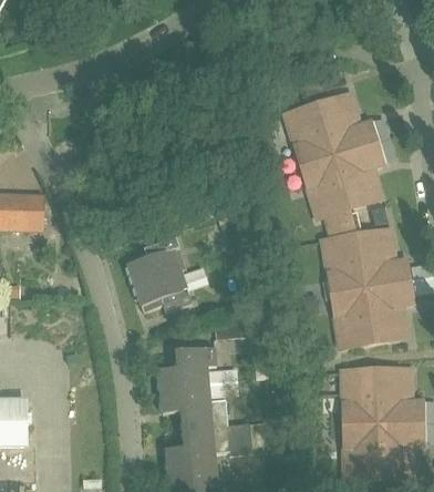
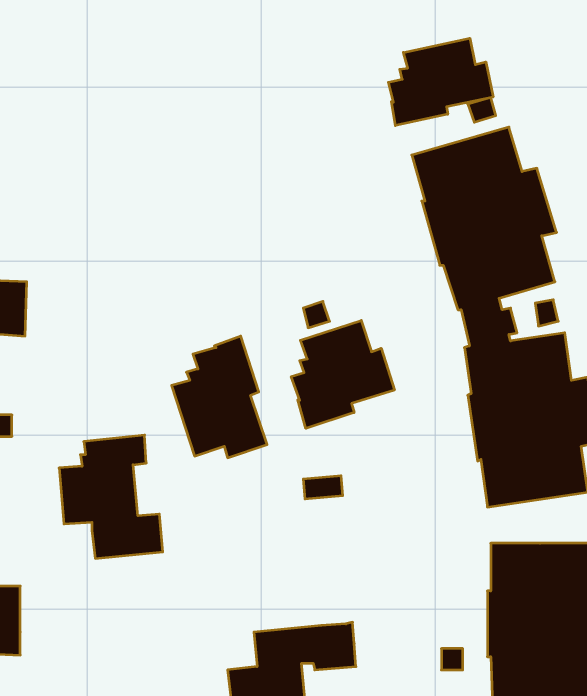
building: none -> [388,38,493,126]
building: none -> [291,320,394,428]
building: [158,346,228,429] -> [59,435,163,558]

